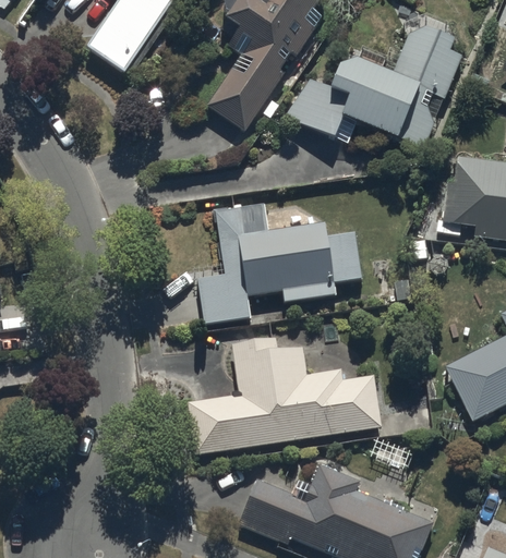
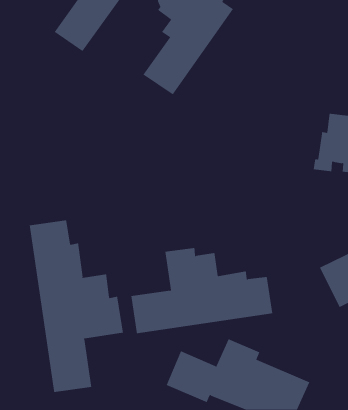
building: [281,25,462,148] -> none
building: [197,205,361,324] -> none
building: none -> [29,220,123,393]

